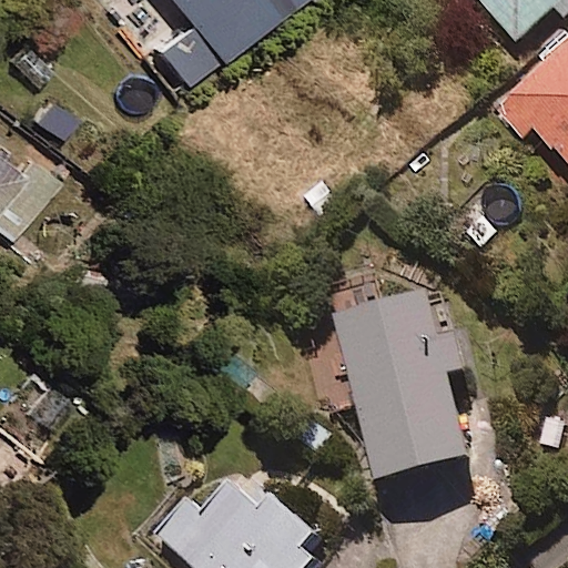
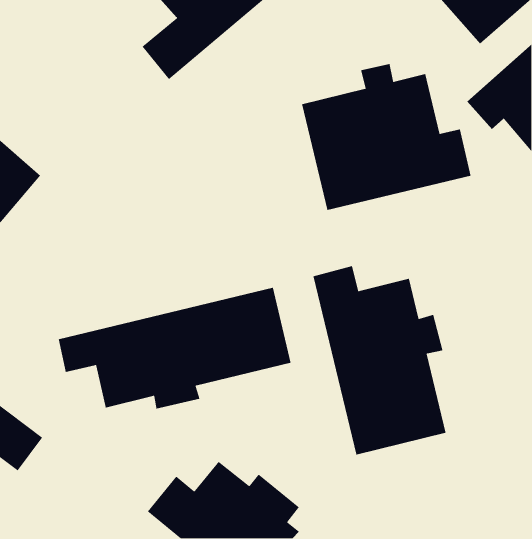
building: none -> [301,63,471,211]
building: none -> [58,287,291,409]

